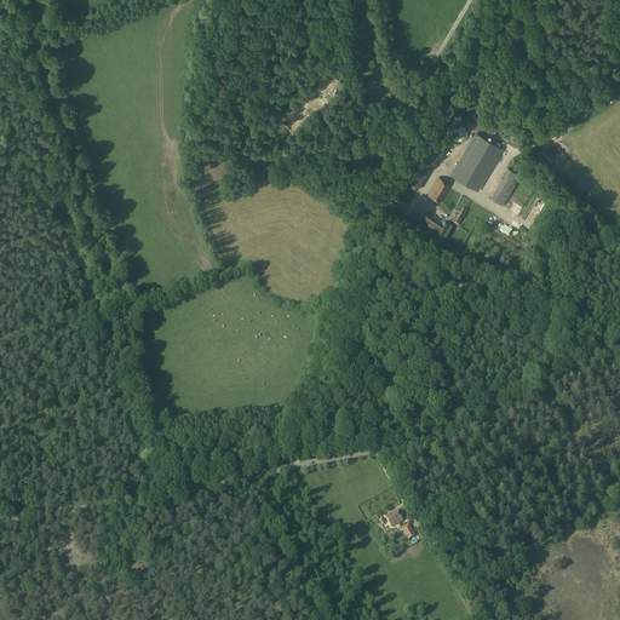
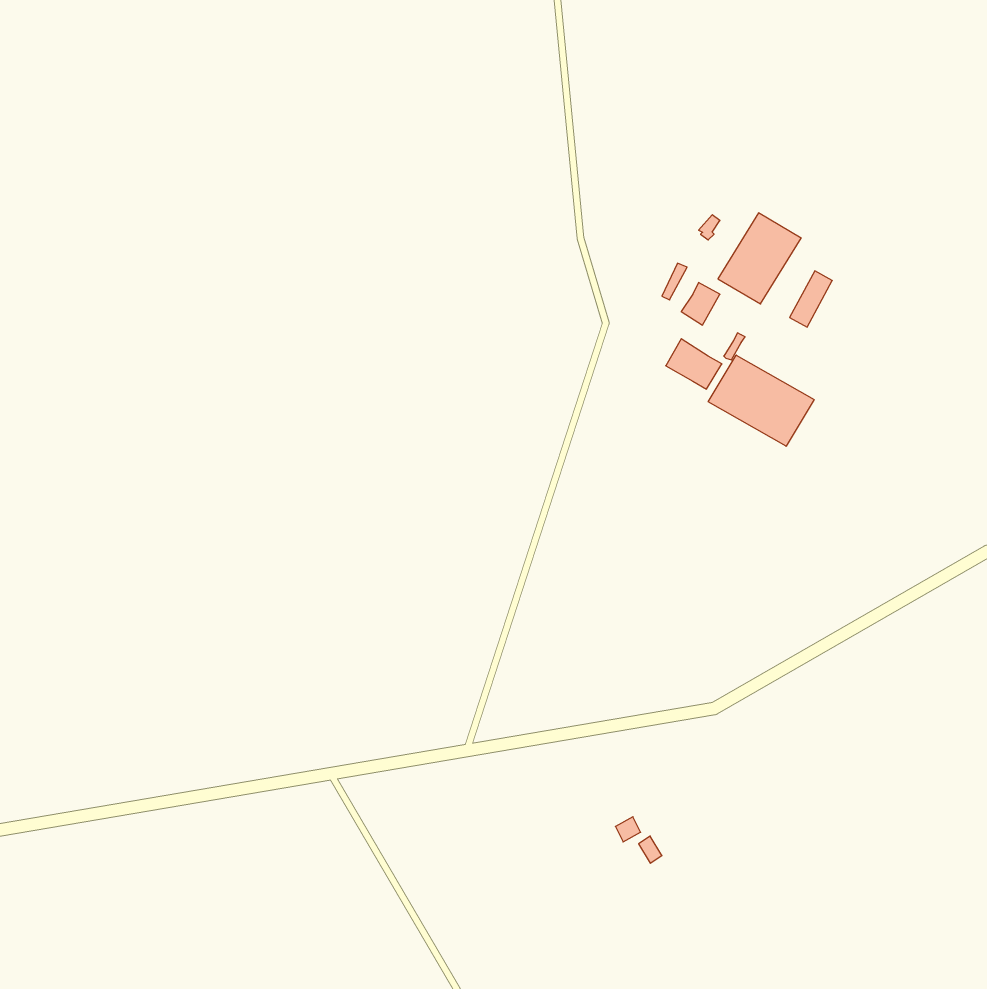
building: none -> [708,355,814,446]

